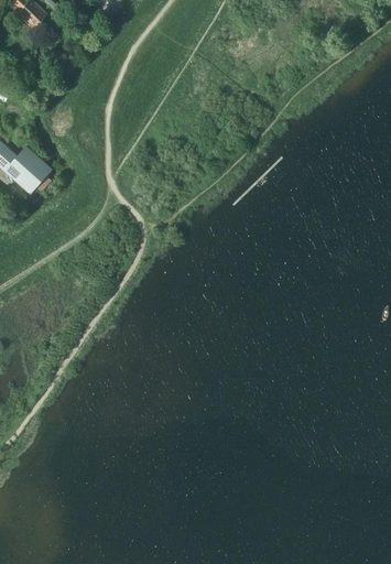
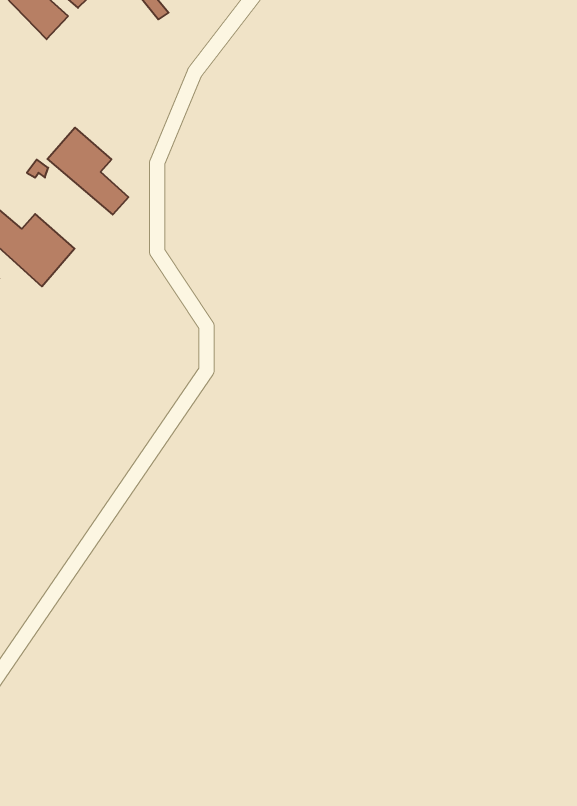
building: none -> [47,128,128,215]

